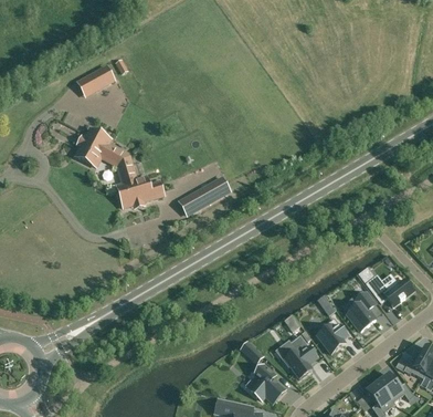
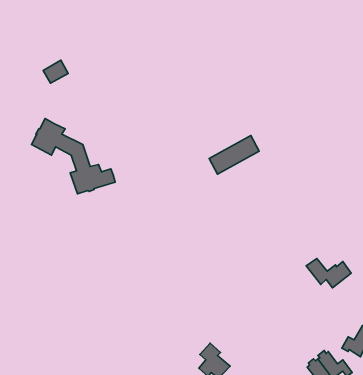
building: [177,174,230,215] -> [209,136,259,174]
building: [347,292,376,331] -> none
building: [317,317,347,354] -> none
building: [282,335,317,378] -> none

